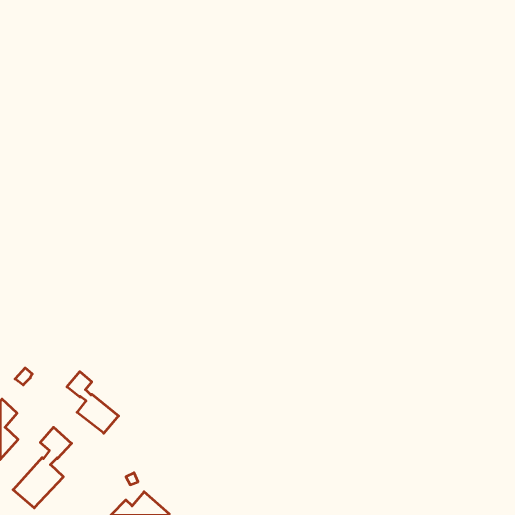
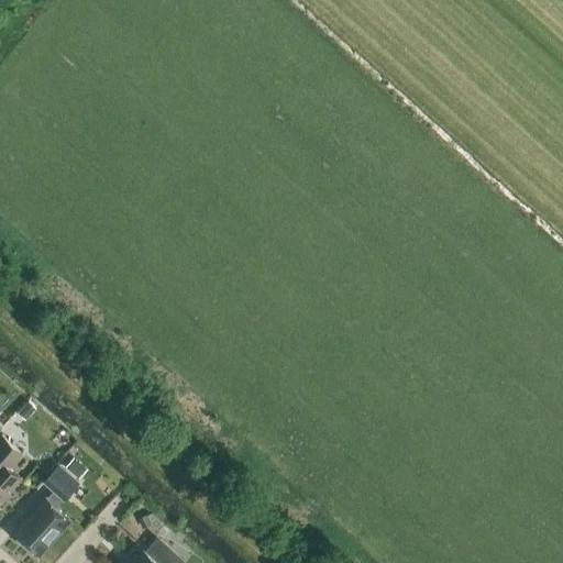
building: [67,372,119,433] -> none

